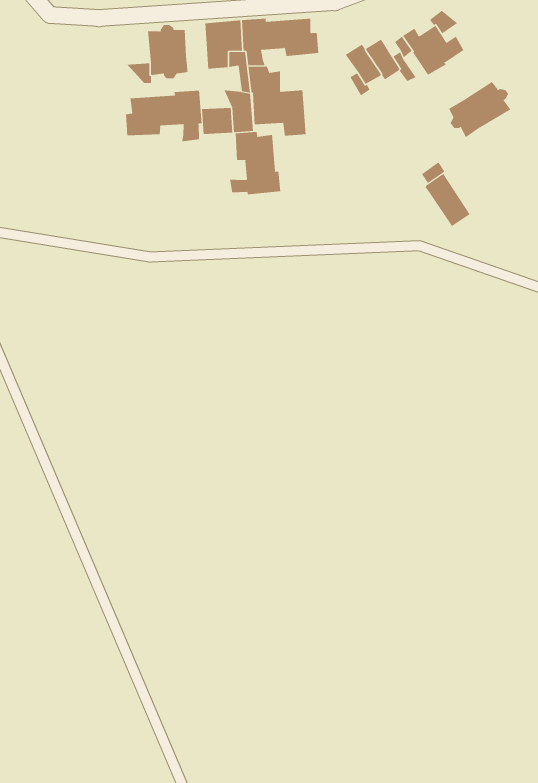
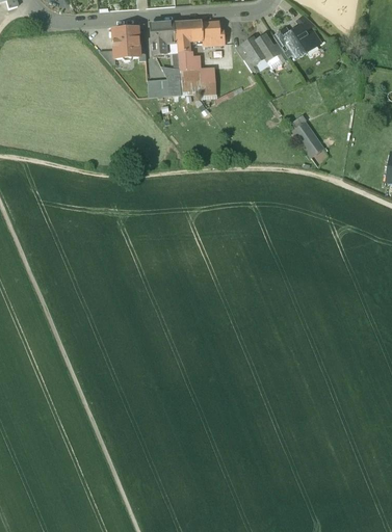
building: [448,81,511,138] -> none
building: [125,90,202,142] -> none
building: [230,131,281,195] -> none

